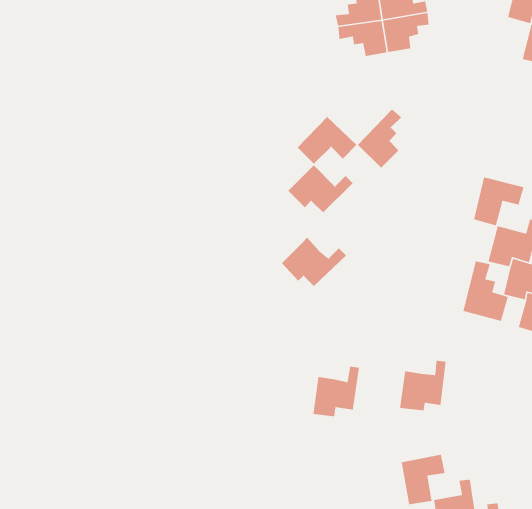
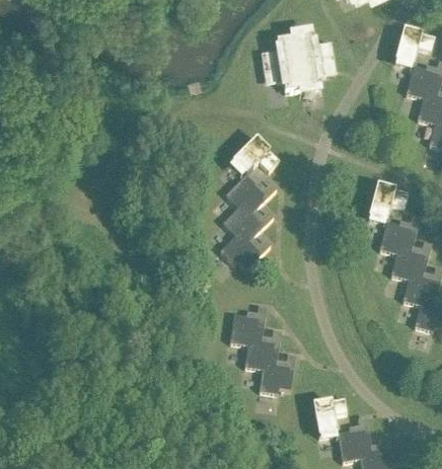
building: [357,108,402,168] -> none
building: none -> [222,203,273,240]
building: [462,261,509,322] -> none
building: none -> [230,305,267,344]
building: [399,360,446,411] -> [259,354,295,393]

